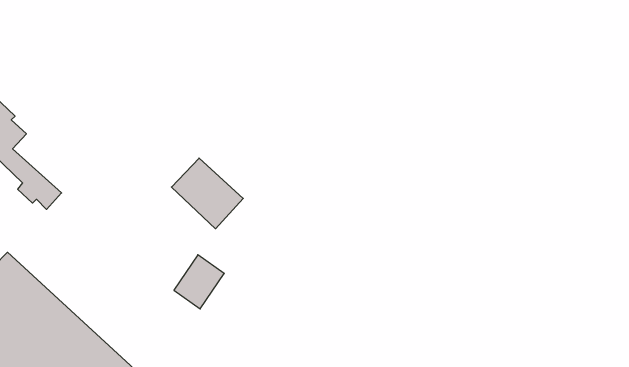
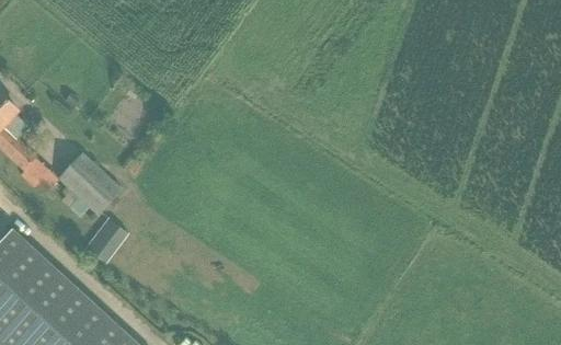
building: [171,158,243,229] -> [59,154,122,216]
building: [174,255,224,309] -> [88,216,131,263]

